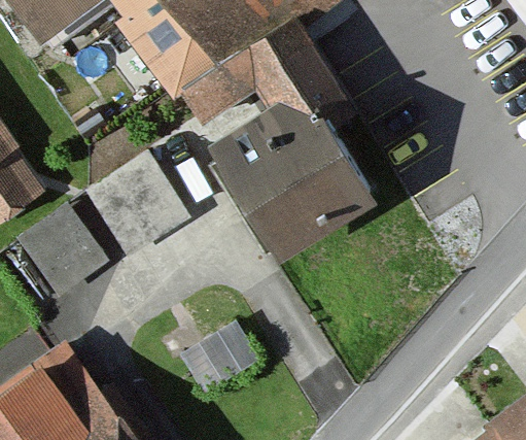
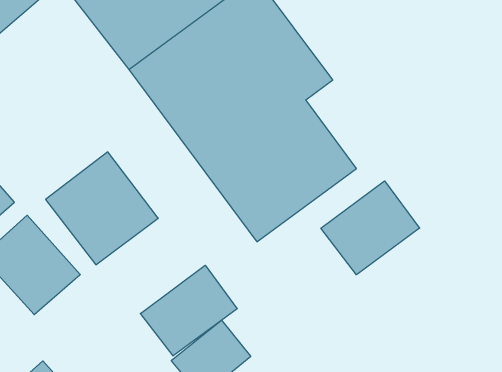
building: none -> [321,181,420,275]
building: none -> [140,265,237,356]

